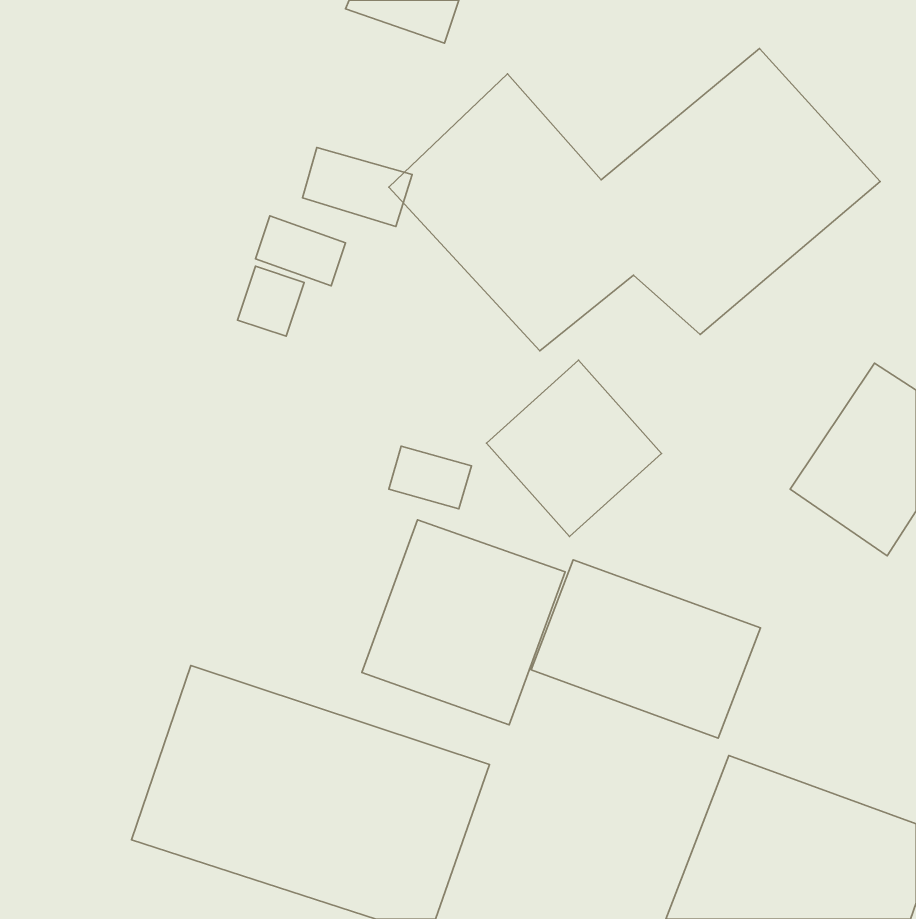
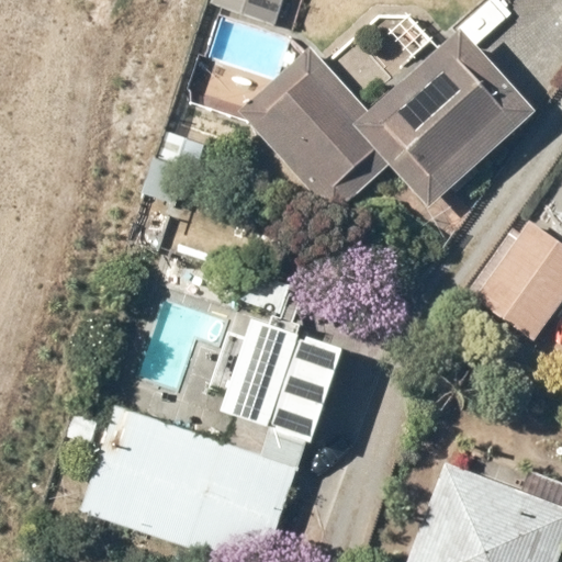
building: [487,360,661,537] -> none
building: [531,560,760,738] -> none

